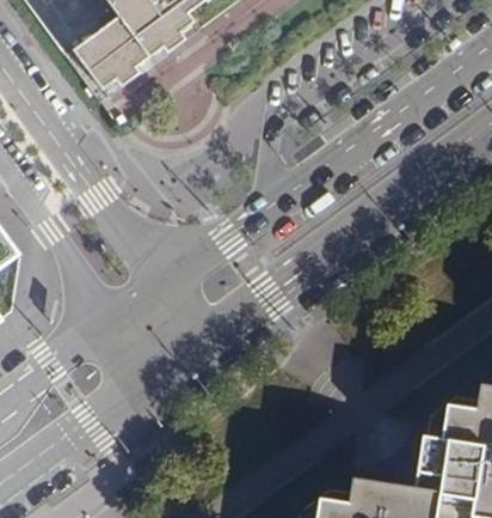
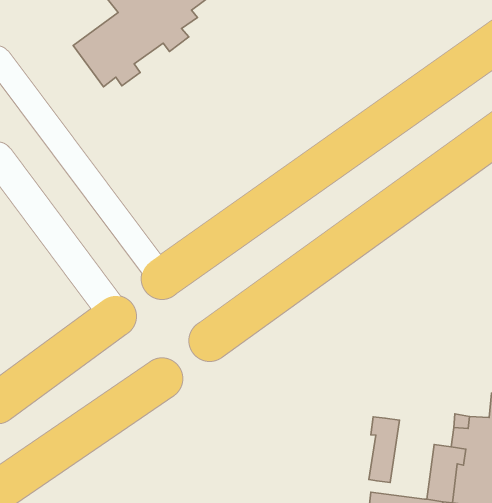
building: none -> [369,417,399,482]

